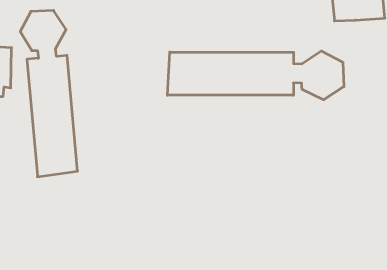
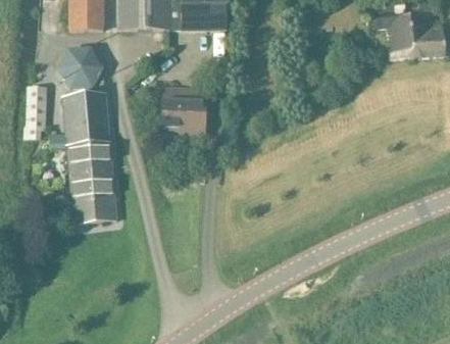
building: [167,51,344,100] -> none
building: none -> [162,90,205,135]

